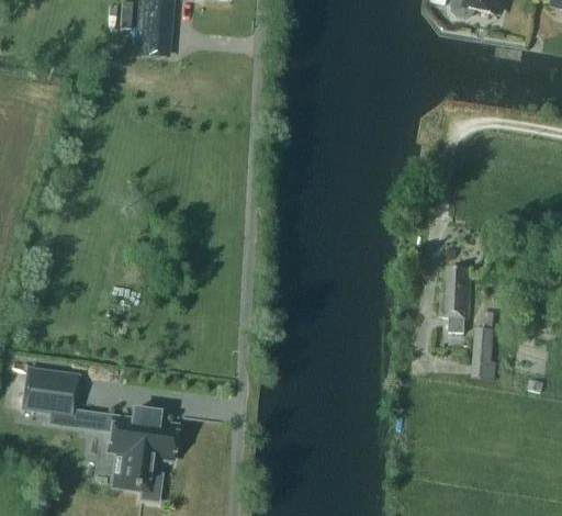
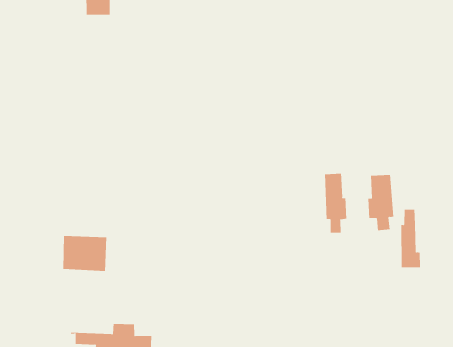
building: none -> [325,173,347,233]
building: [22,369,77,415] -> [63,236,107,272]

